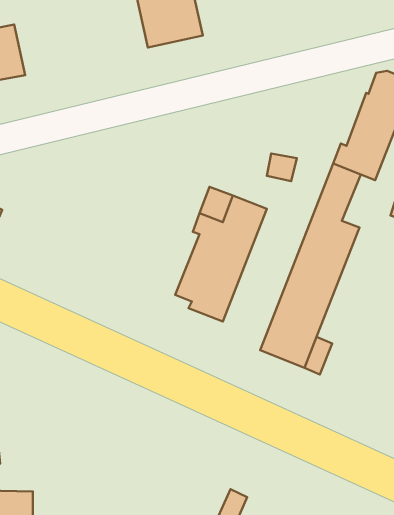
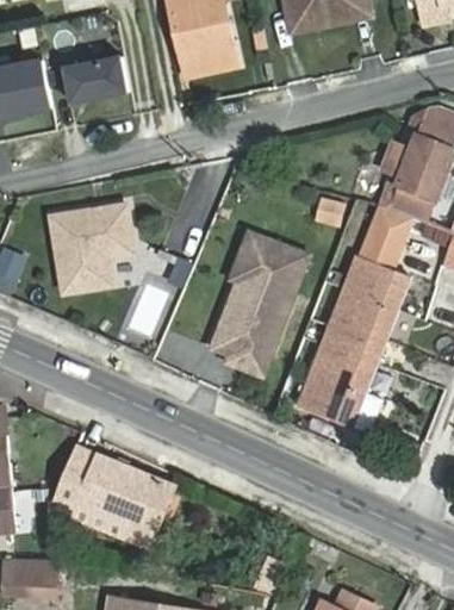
building: none -> [57,54,123,105]
building: none -> [54,201,135,290]
building: none -> [52,448,172,544]

